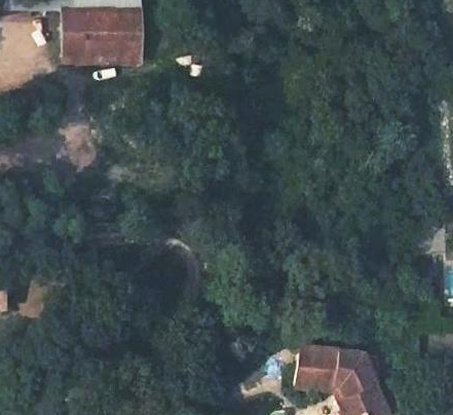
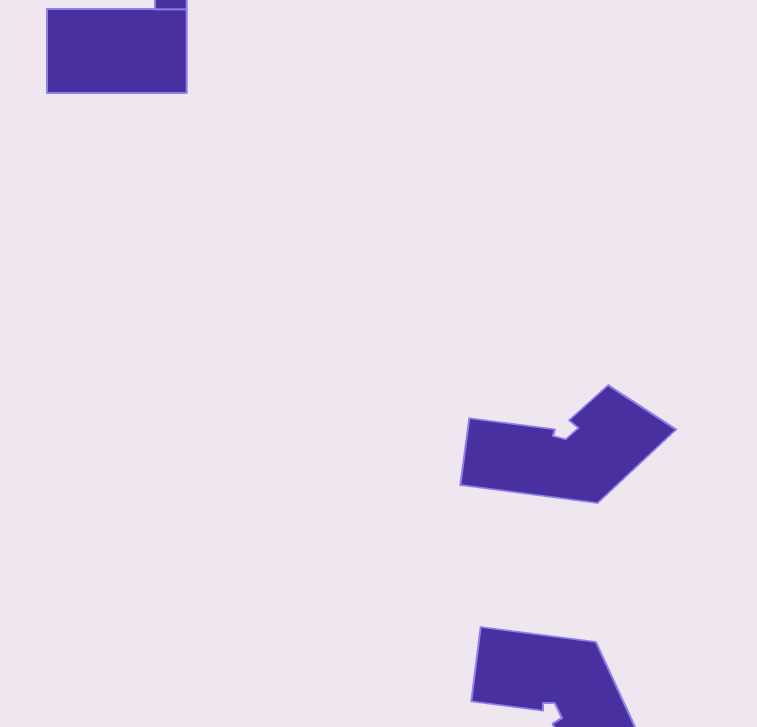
building: none -> [460,385,676,503]

